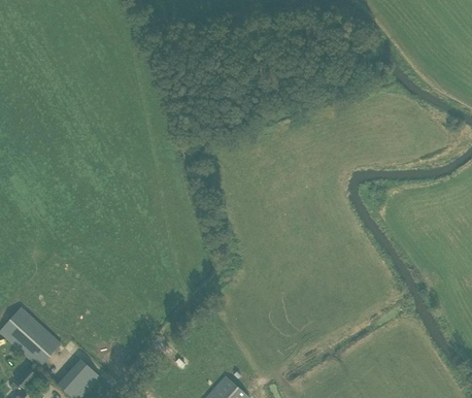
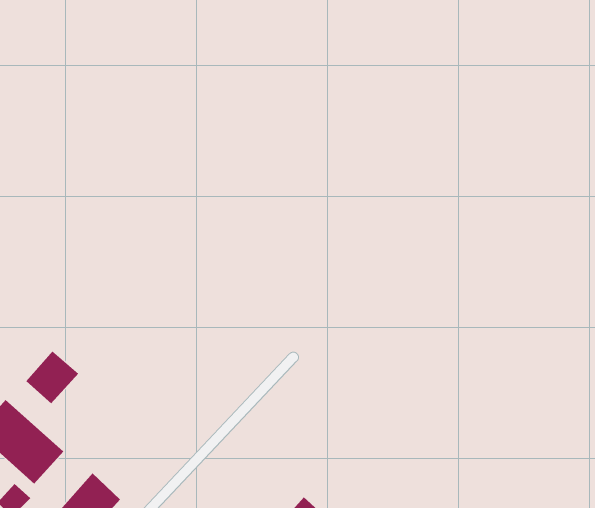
building: none -> [26,350,79,404]

